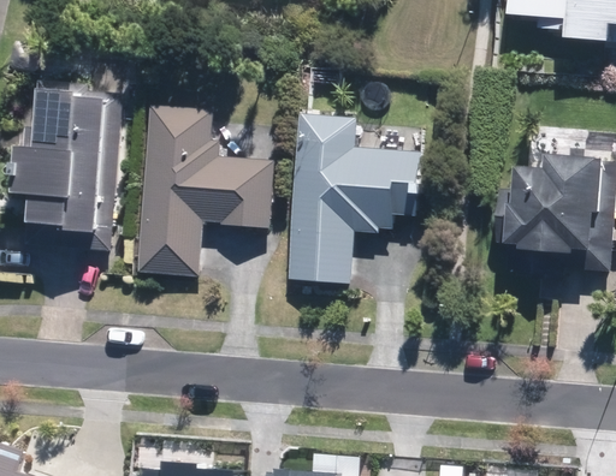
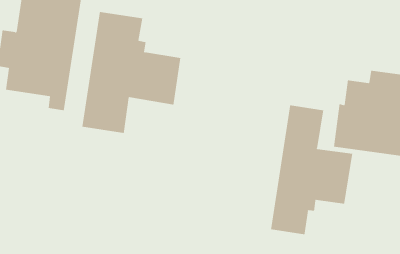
building: [290,112,419,282] -> none
building: none -> [270,104,353,235]

